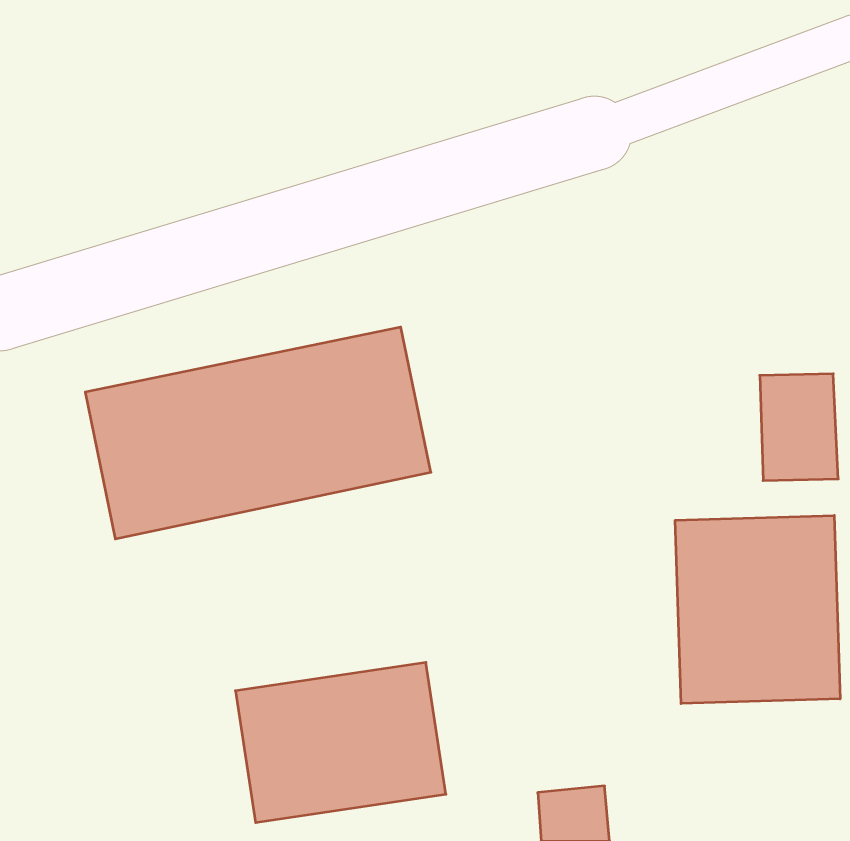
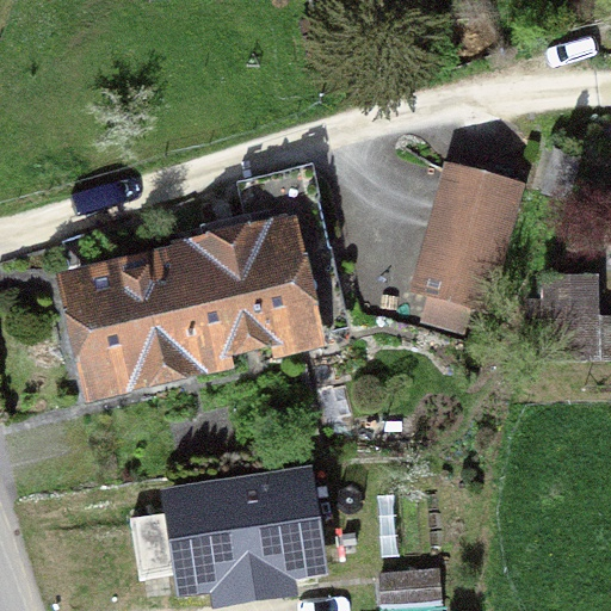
building: none -> [416,165,517,311]
building: [675,515,840,704] -> none

